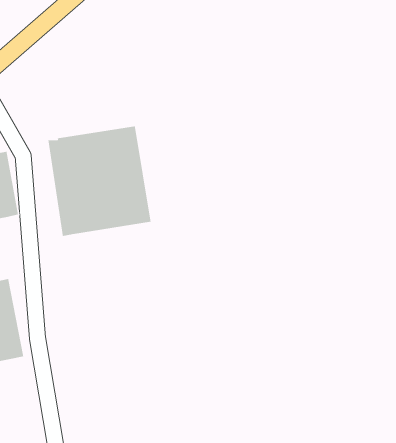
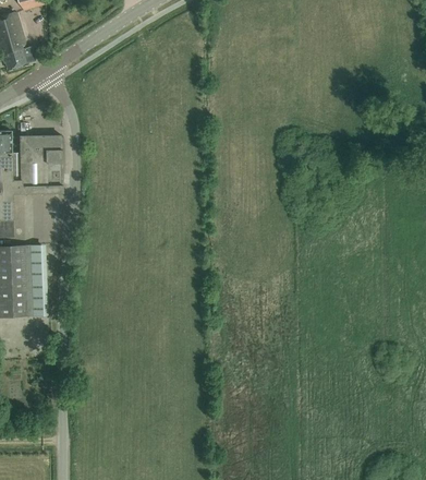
building: [48,125,152,237] -> none

